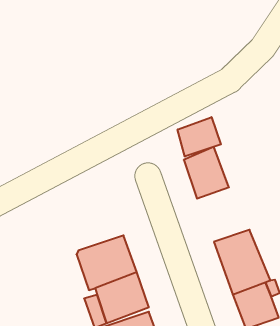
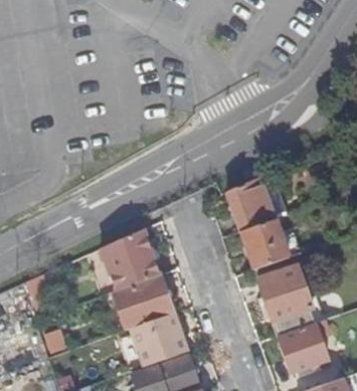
building: [178,117,221,157] -> none
building: none -> [241,222,290,270]
building: none -> [99,226,163,289]

